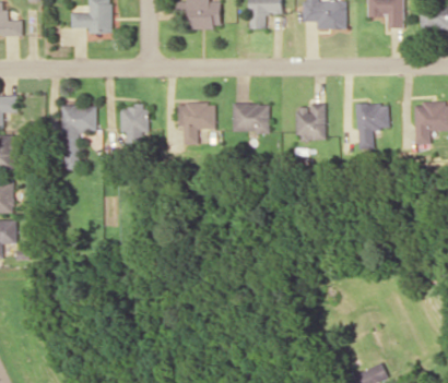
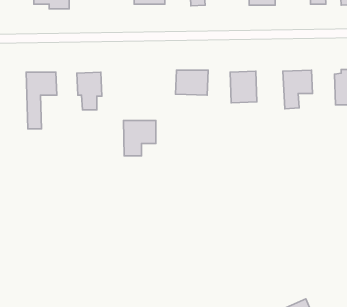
building: [178,103,215,143] -> [123,120,156,156]

